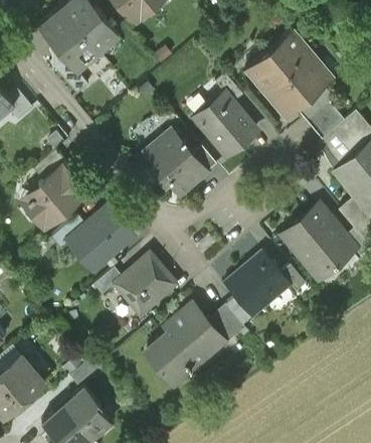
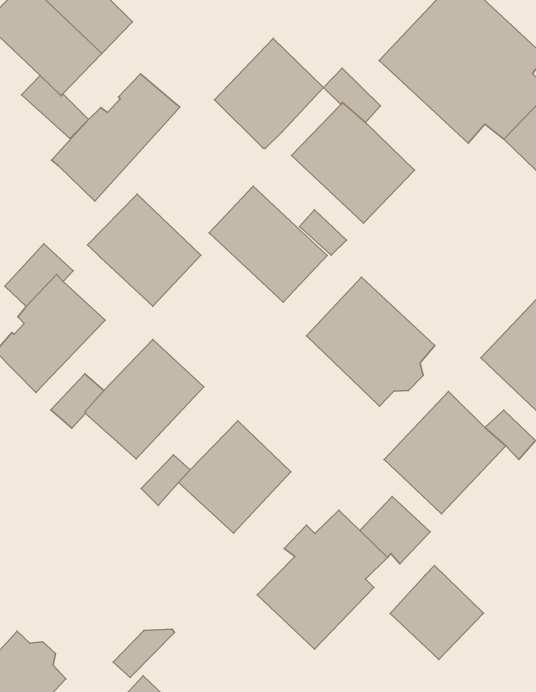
building: none -> [214,39,324,149]
building: none -> [51,74,180,201]
building: none -> [87,194,201,306]
building: none -> [306,277,435,406]
building: none -> [390,566,483,660]

